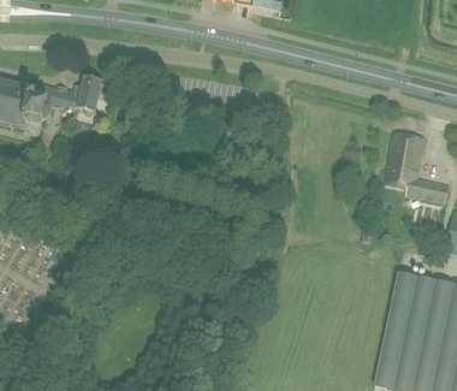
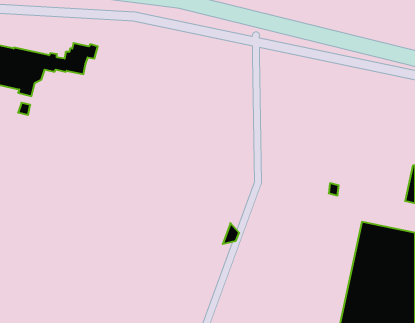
building: [382,129,447,201] -> none

